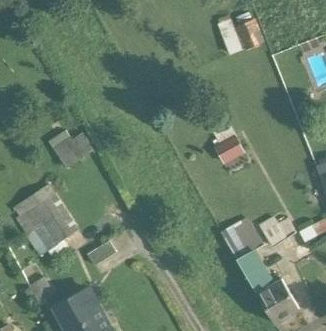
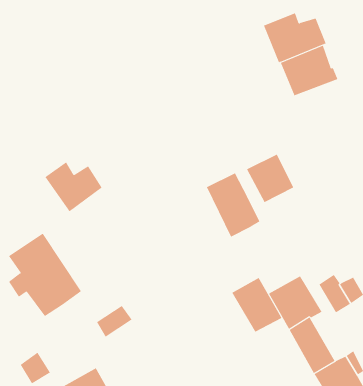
building: none -> [280,45,338,96]
building: none -> [206,172,260,238]
building: none -> [231,277,282,333]

